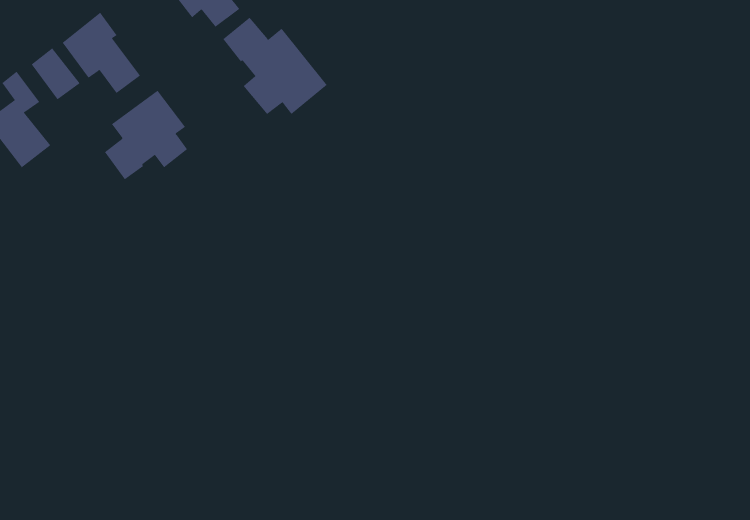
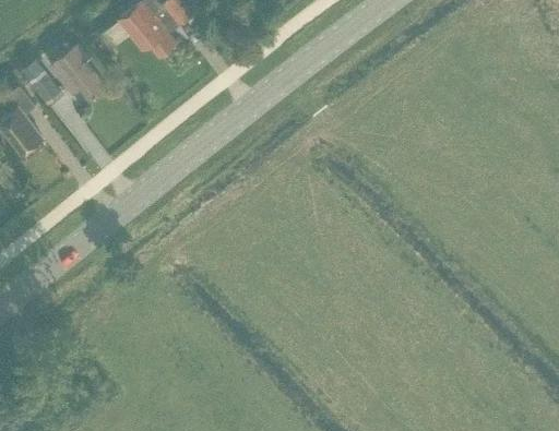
building: [222,17,327,115] -> none
building: [104,90,188,180] -> none

